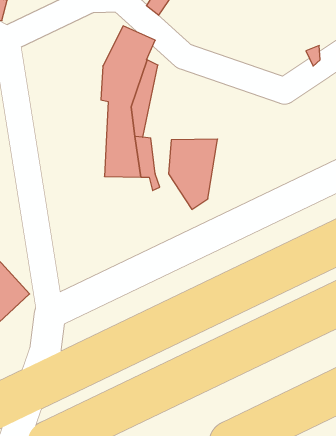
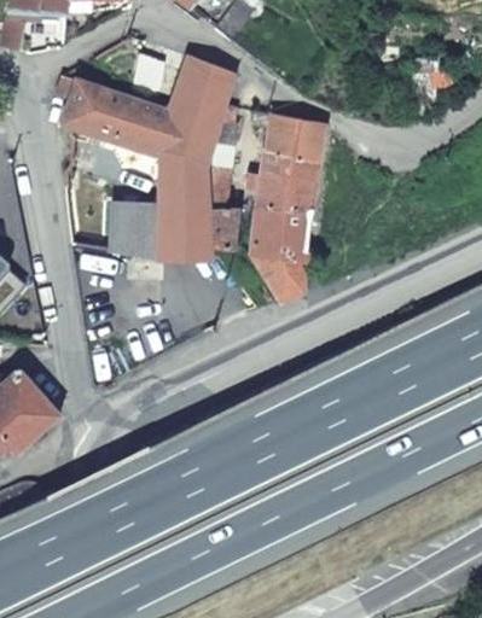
building: none -> [58,71,157,153]
building: none -> [250,113,327,208]
building: none -> [110,210,162,257]

